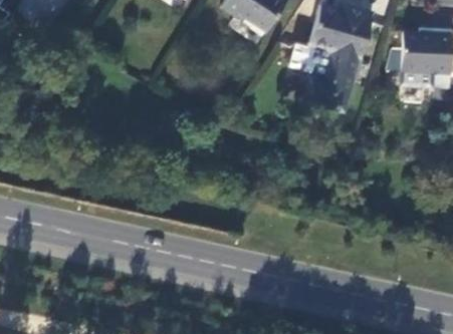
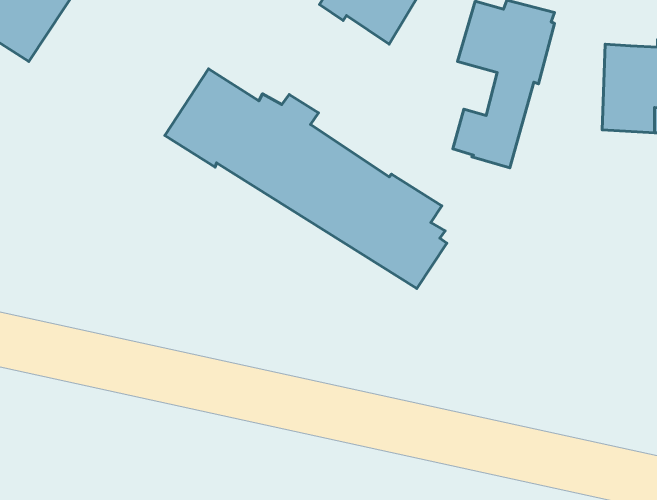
building: [288,42,333,76] -> none
building: none -> [165,69,447,288]

